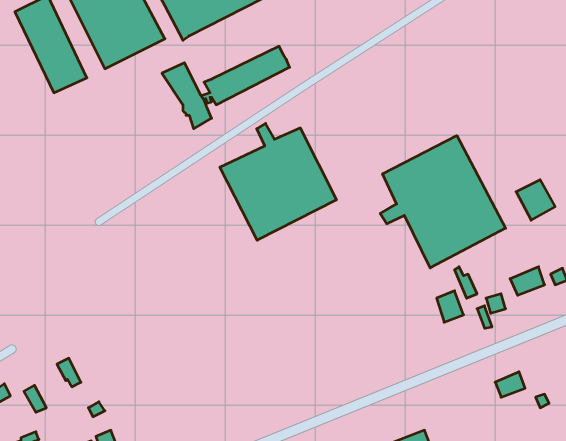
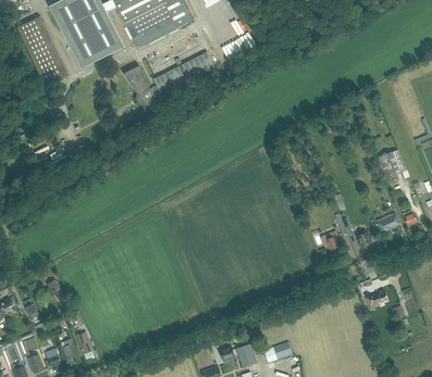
building: [220,123,336,240] -> none
building: [380,136,506,268] -> none

